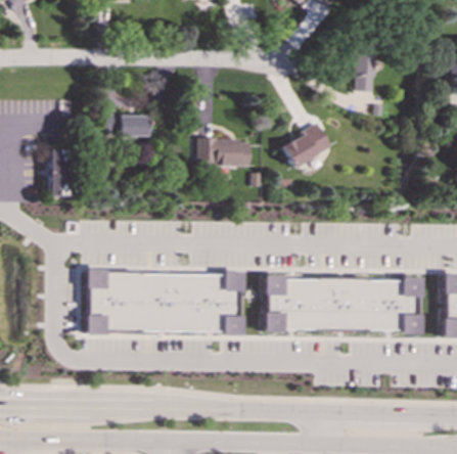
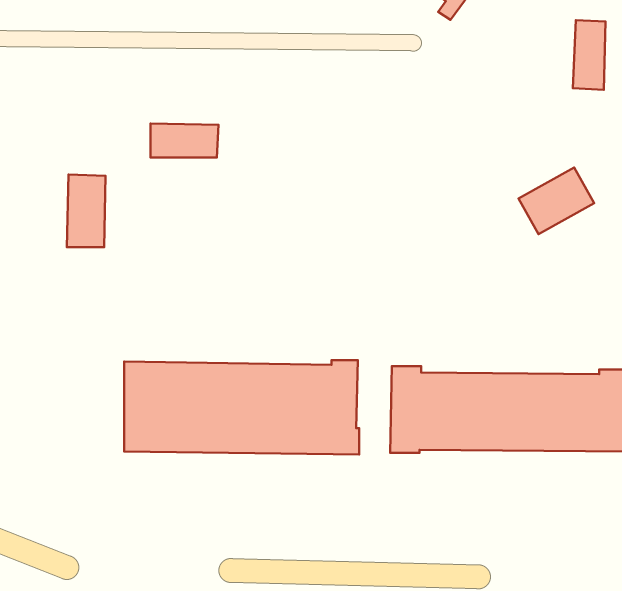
building: [353,45,374,91] -> [573,20,605,90]
building: [281,123,331,167] -> [518,168,594,234]
building: [198,137,249,166] -> none

